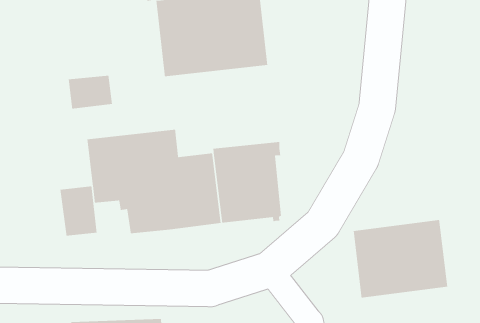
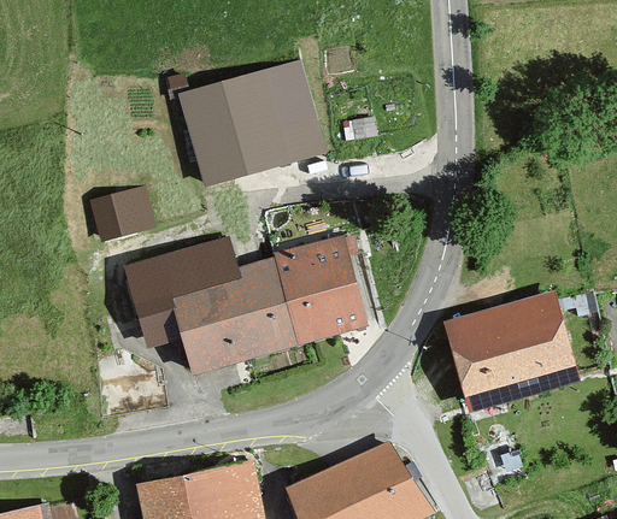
building: [60,185,97,237] -> none

